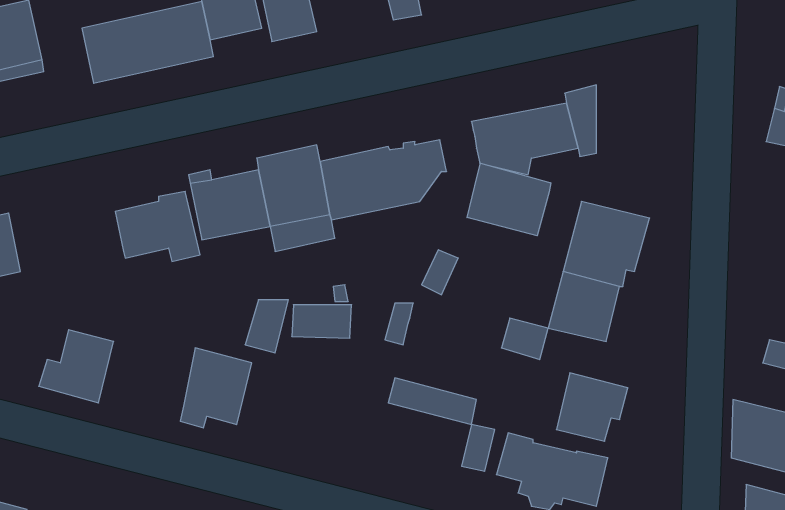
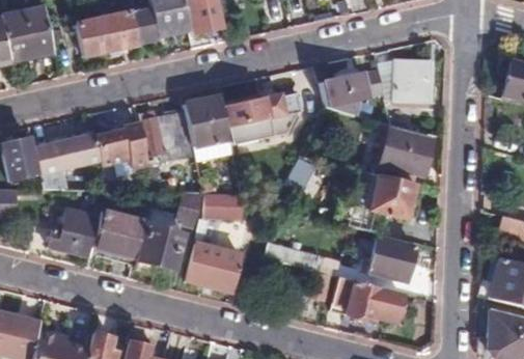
building: none -> [396,57,432,101]
building: [467,163,551,236] -> none
building: none -> [35,132,102,174]
building: none -> [94,211,146,257]
building: none -> [189,241,243,288]

